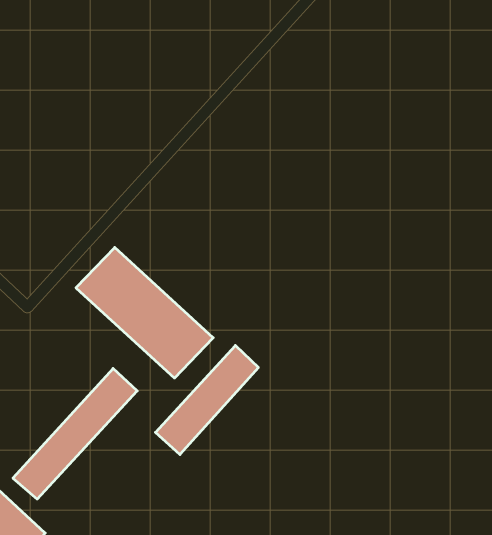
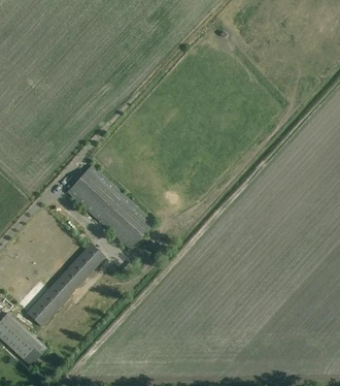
building: [155,345,258,455] -> none

